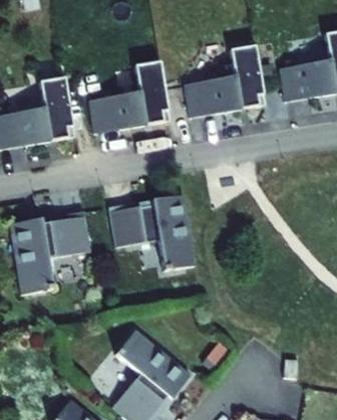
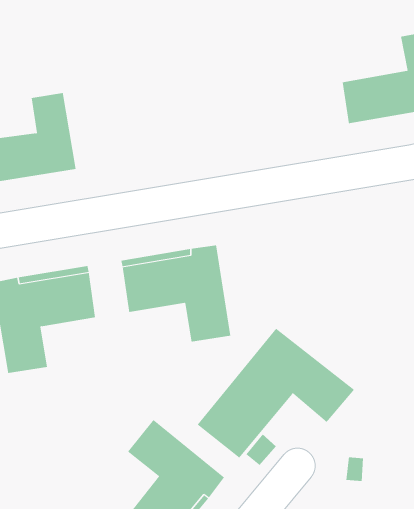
building: [185,44,265,117] -> none
building: [89,60,171,133] -> none
building: none -> [197,328,355,458]

